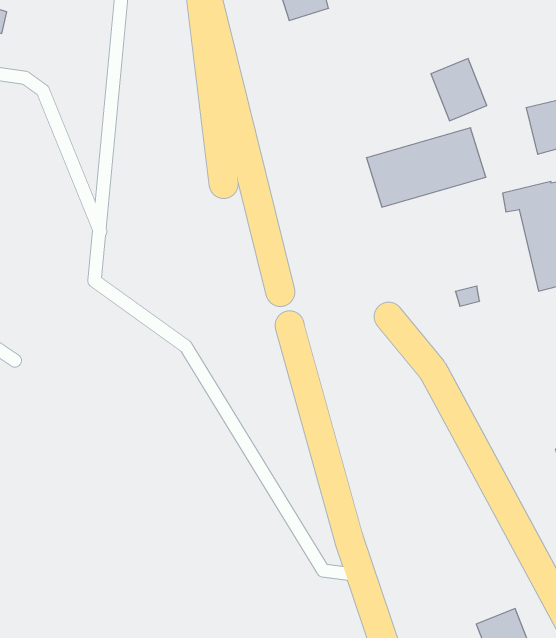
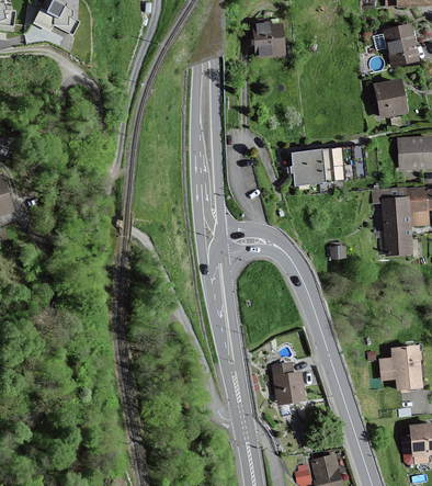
building: [431,59,487,121] -> [374,79,406,116]
building: none -> [273,361,306,404]

